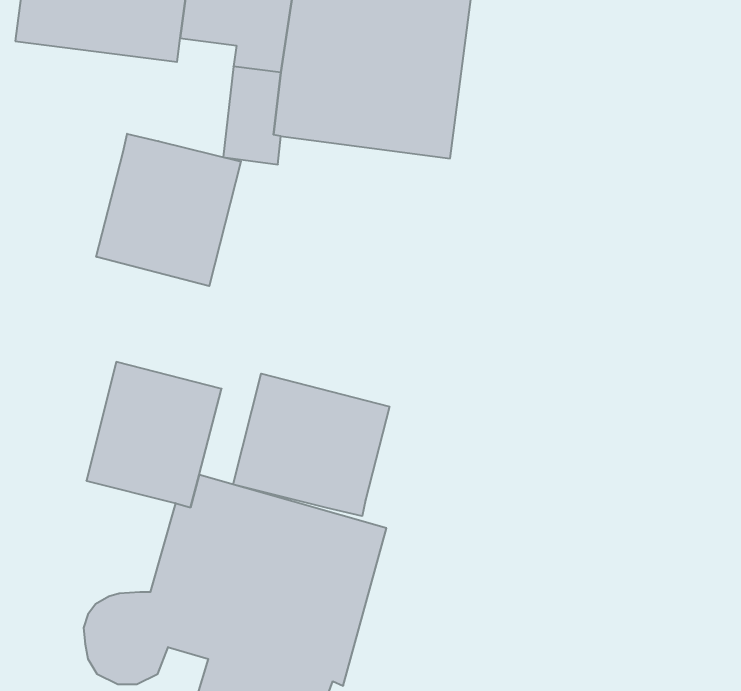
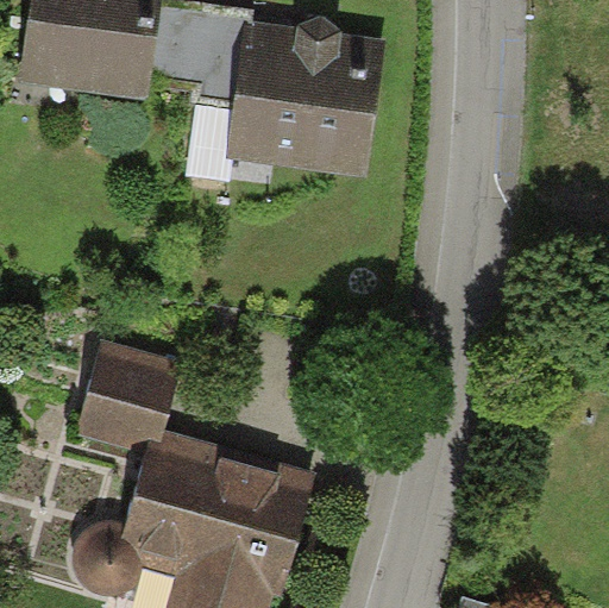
building: [96,134,241,286] -> none
building: [233,374,389,516] -> none

